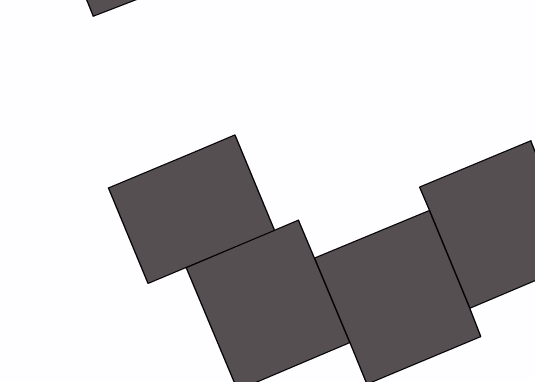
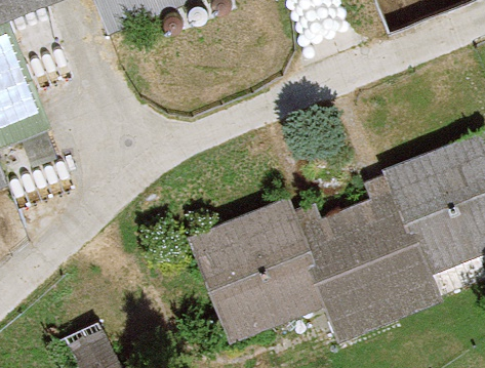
building: [108,135,274,283] -> none

